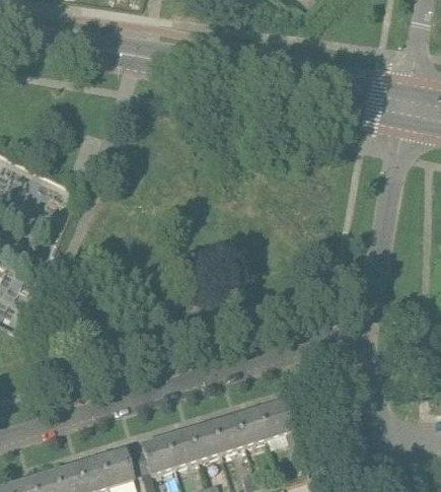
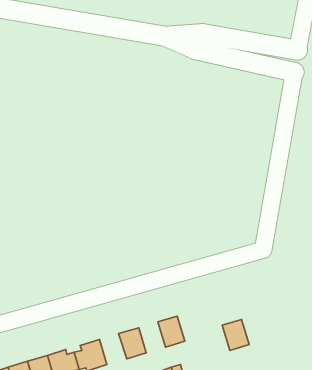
building: [258,400,290,437] -> [222,319,249,350]
building: [211,414,243,451] -> none
building: [163,428,197,466] -> none

